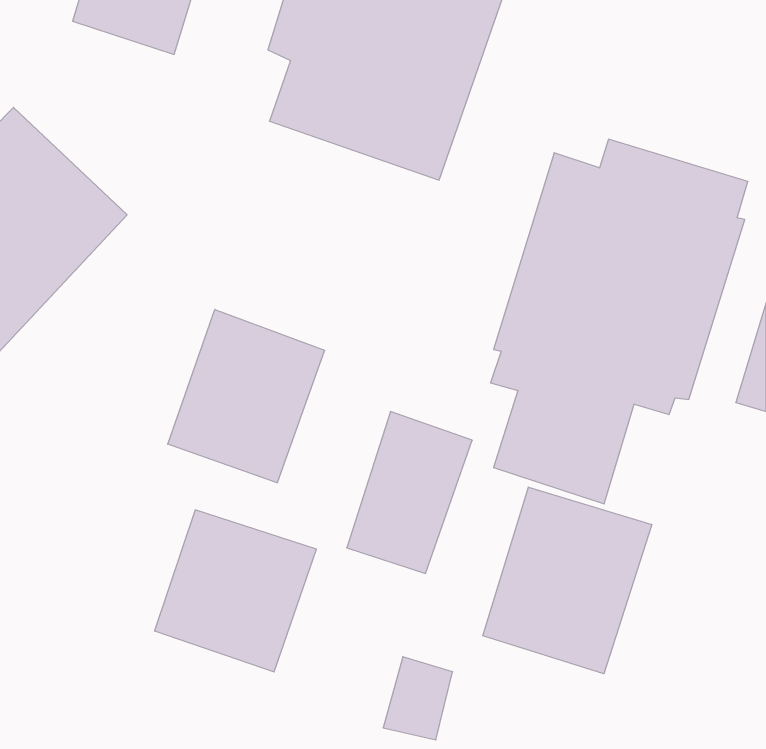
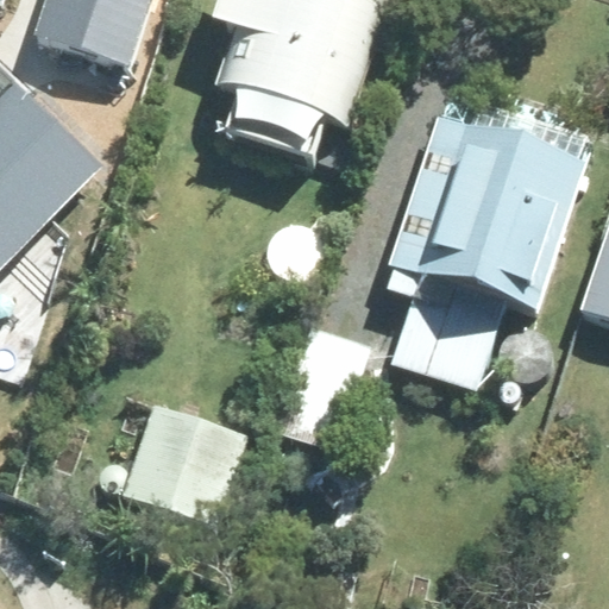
building: [168,309,324,483] -> none
building: [483,487,652,674] -> none

